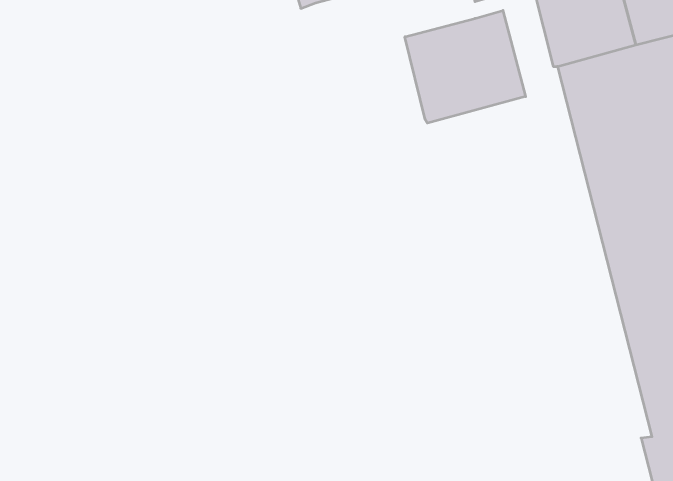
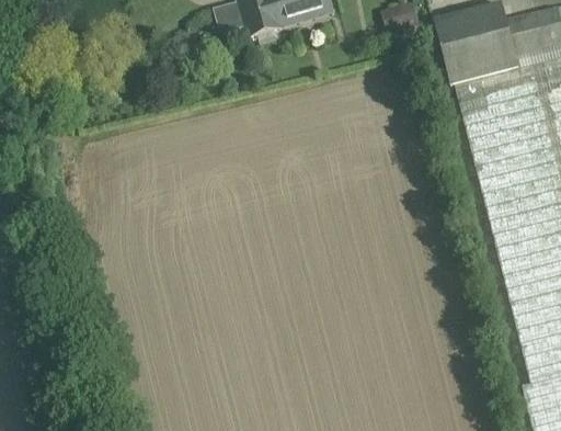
building: [405,10,526,123] -> none

